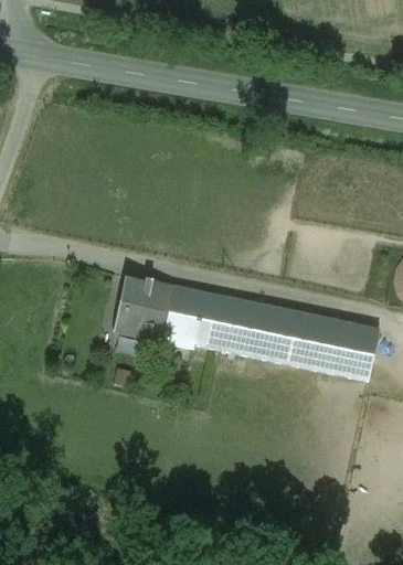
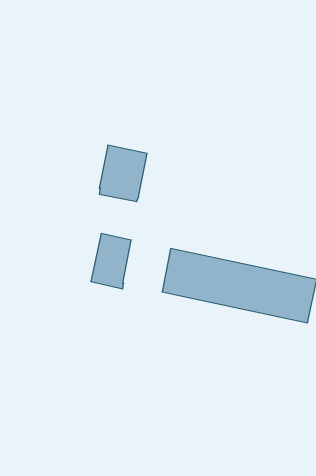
building: [150,282,206,349] -> [99,145,147,202]

